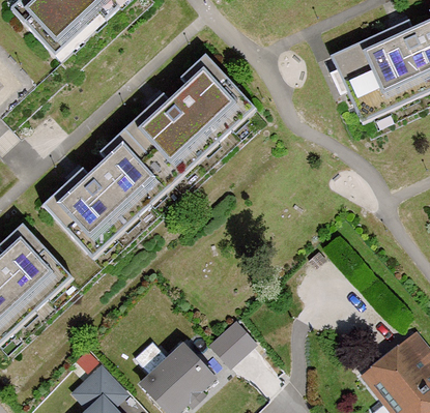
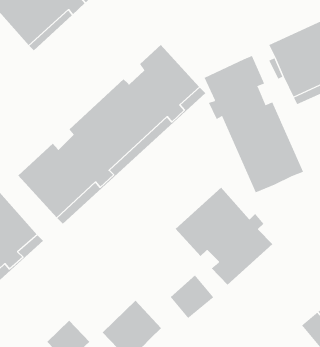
building: none -> [204,55,304,193]
building: none -> [175,187,273,286]

